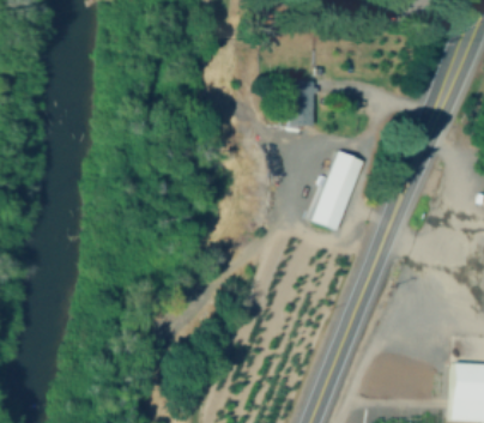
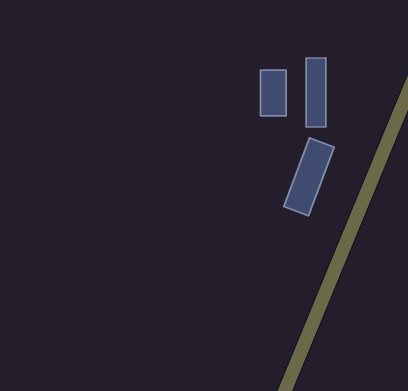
building: none -> [306,58,326,127]

